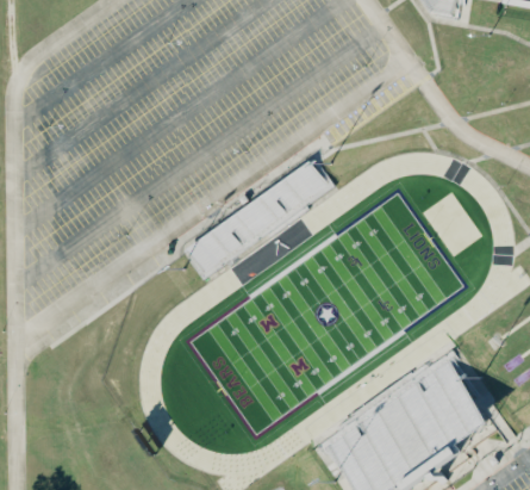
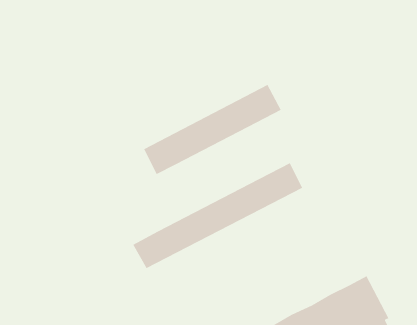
building: none -> [132,162,303,269]

